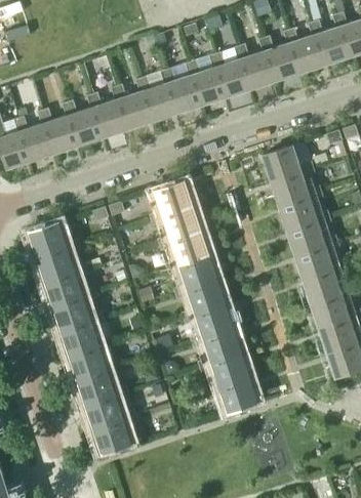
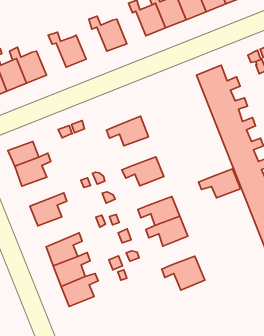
building: [161,69,204,113] -> none
building: [111,85,156,128] -> none
building: [62,100,106,144] -> none
building: [155,181,192,211] -> none
building: [158,226,207,260] -> none
building: [43,263,88,301] -> none
building: [173,276,224,309] -> [198,169,240,198]
building: [59,313,105,351] -> none
building: [198,349,247,383] -> none
building: [91,411,136,455] -> none

